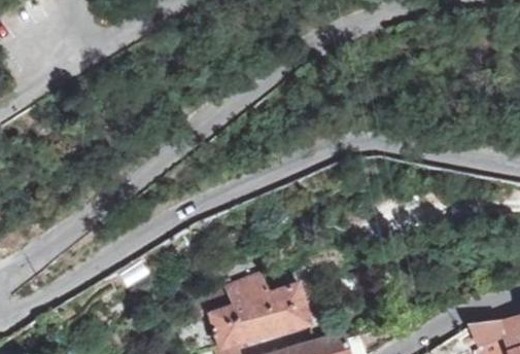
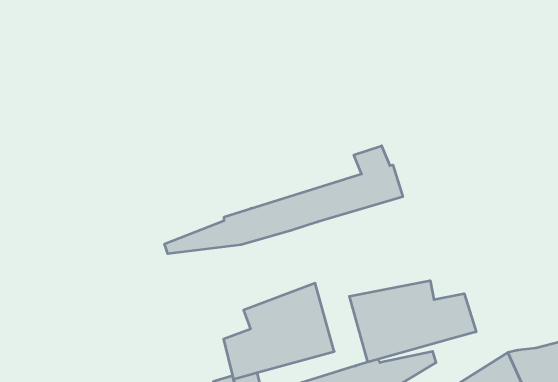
building: none -> [165,146,403,254]
building: none -> [349,281,476,362]

